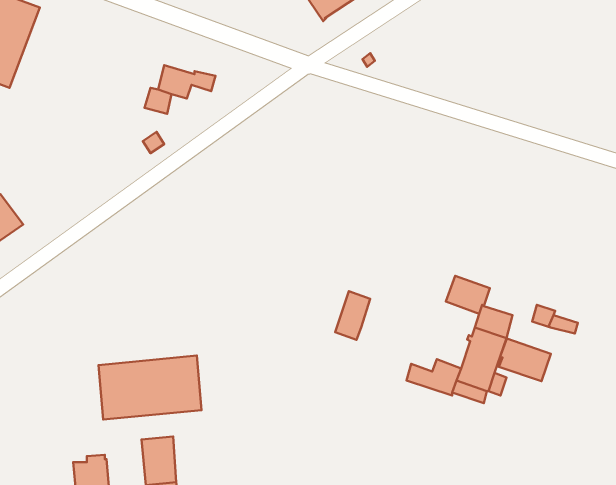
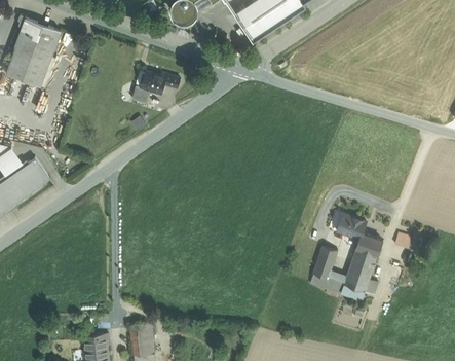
building: [335,291,370,340] -> [313,246,337,279]
building: [499,339,551,381] -> none
building: [98,356,202,420] -> none

